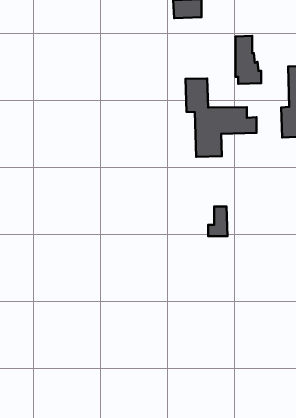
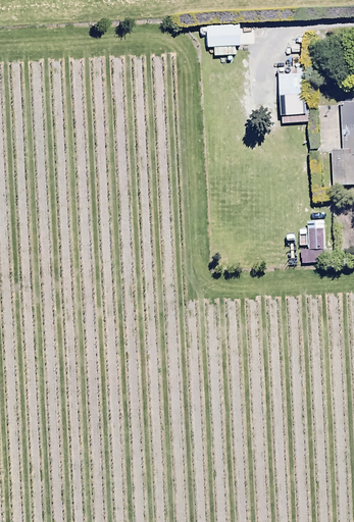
building: [186,79,257,157] -> none
building: [208,206,227,236] -> [301,227,323,262]

